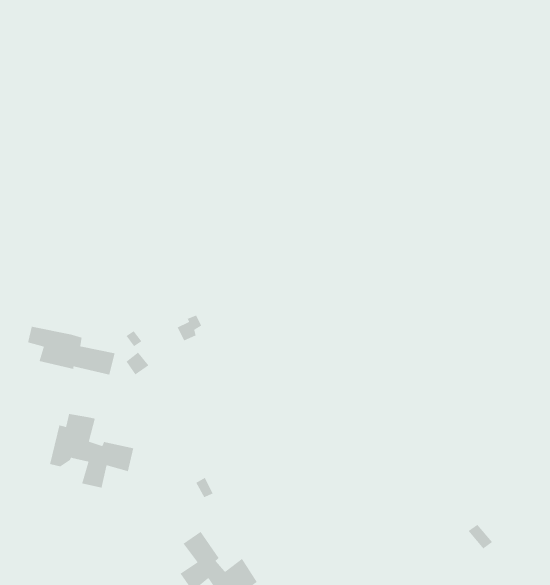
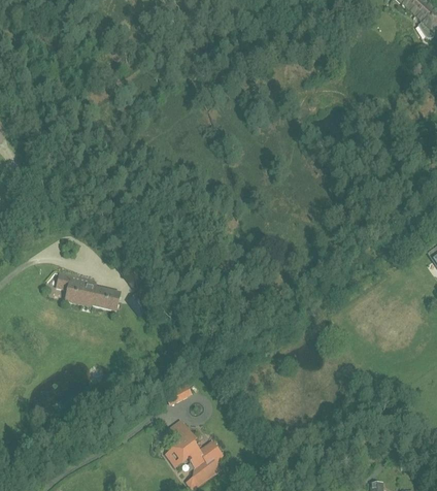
building: [49,413,134,489] -> none

